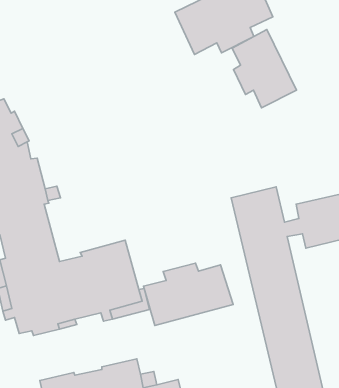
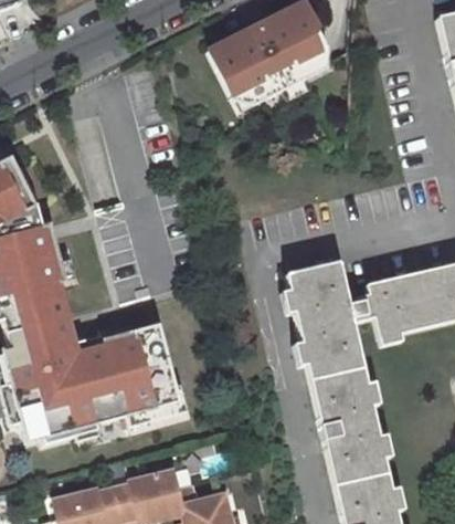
building: [232,29,297,108] -> none
building: [143,263,233,325] -> none

